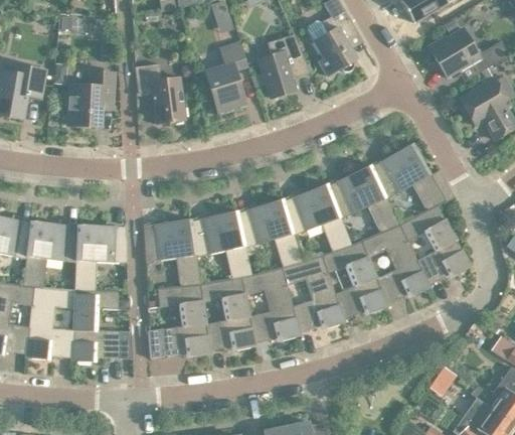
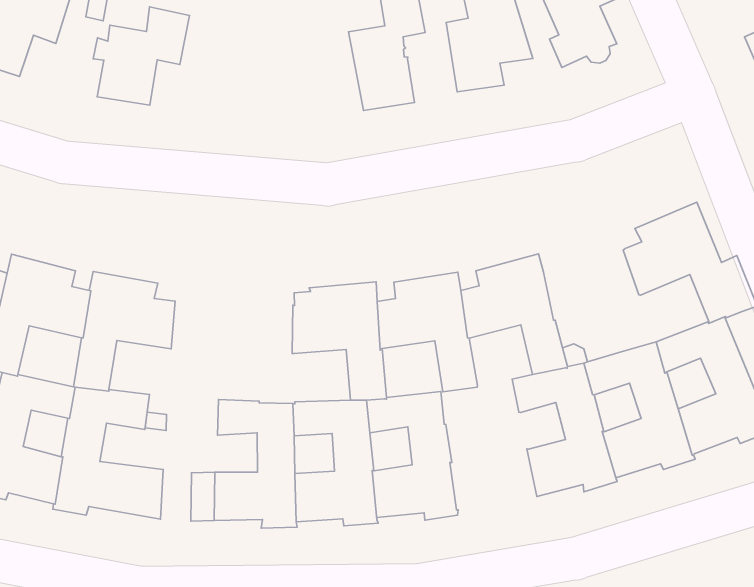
building: [135,63,185,123] -> none
building: [331,164,399,232] -> none
building: [144,219,200,286] -> none
building: [282,255,344,332] -> none

